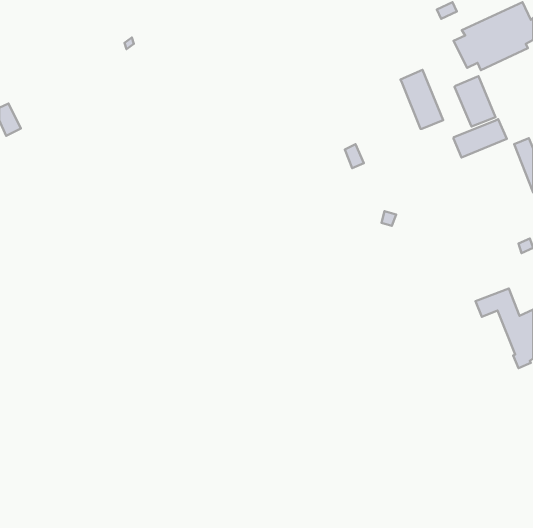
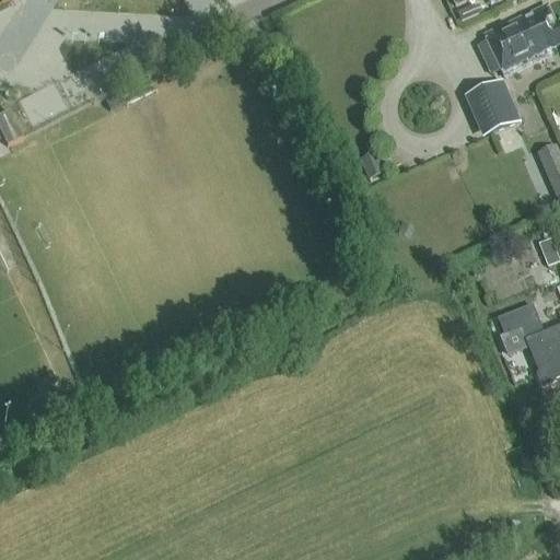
building: [401,70,443,129] -> none
building: [454,119,507,158] -> none

